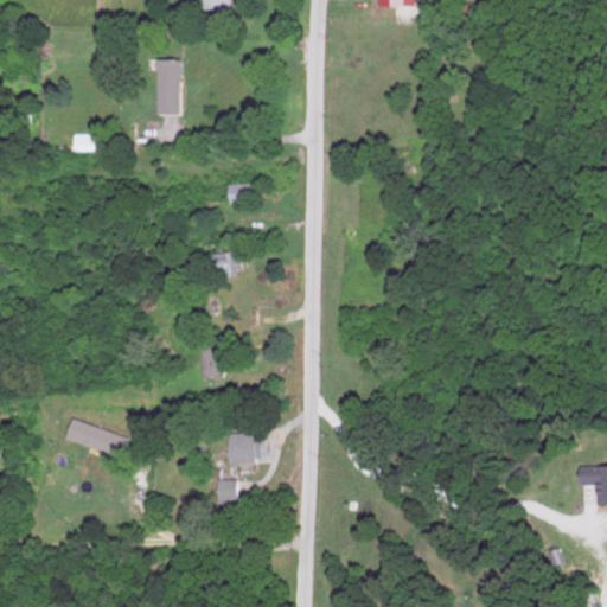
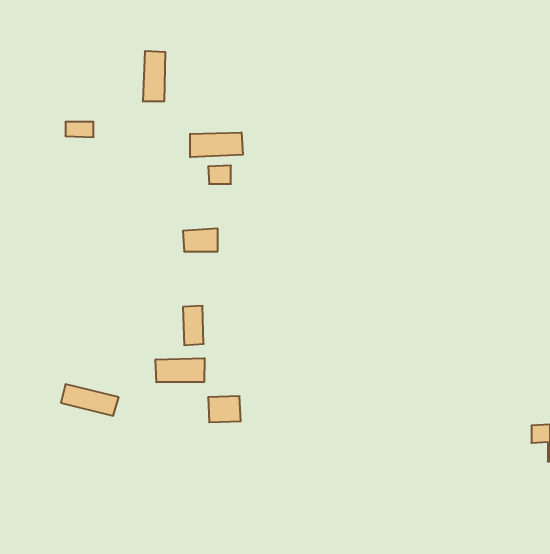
building: none -> [190,132,243,157]
building: none -> [156,358,204,382]
building: [216,479,237,506] -> none

